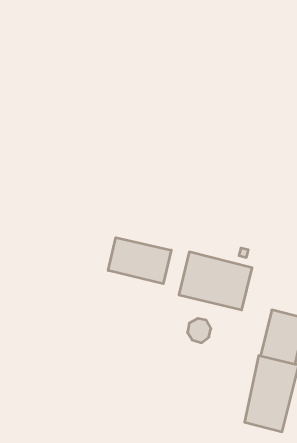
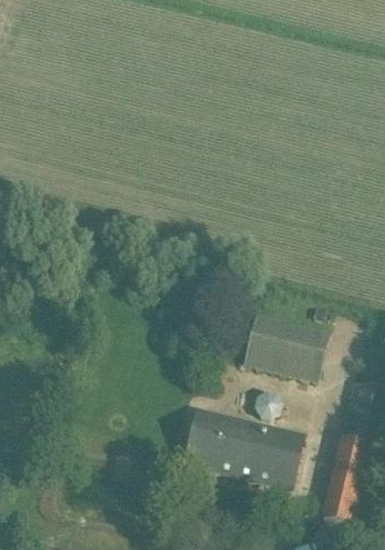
building: [108,238,171,284] -> none
building: none -> [181,408,305,492]

